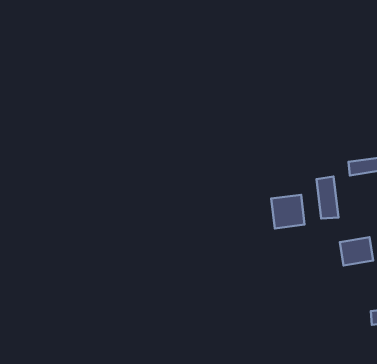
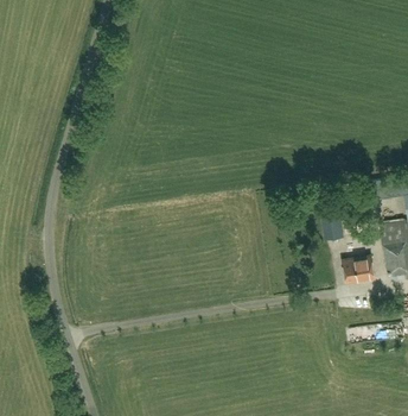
building: [271,195,305,228] -> none

